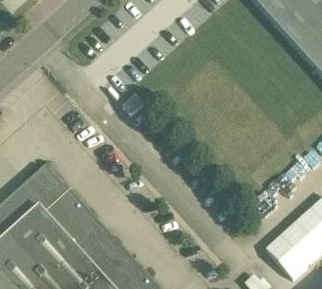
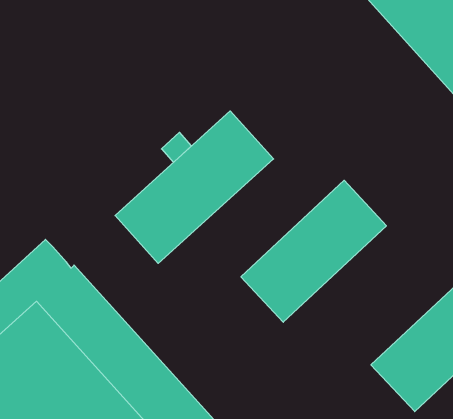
building: none -> [115,111,274,263]
building: none -> [241,180,386,322]

